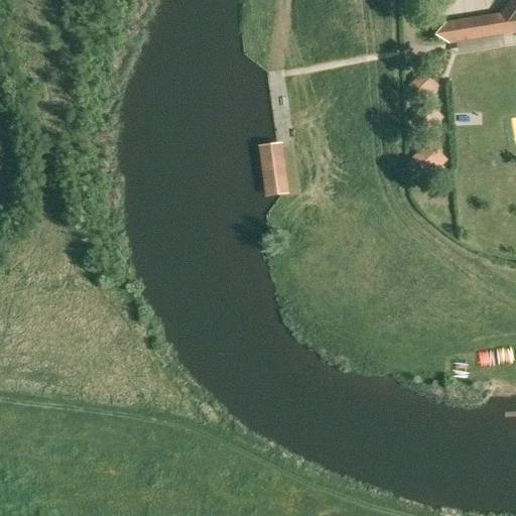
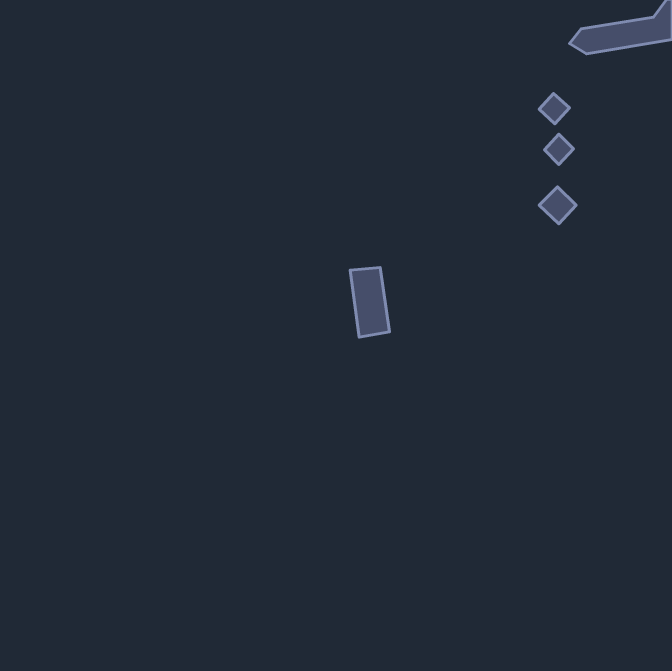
building: [258,143,288,197] -> [350,267,390,337]

